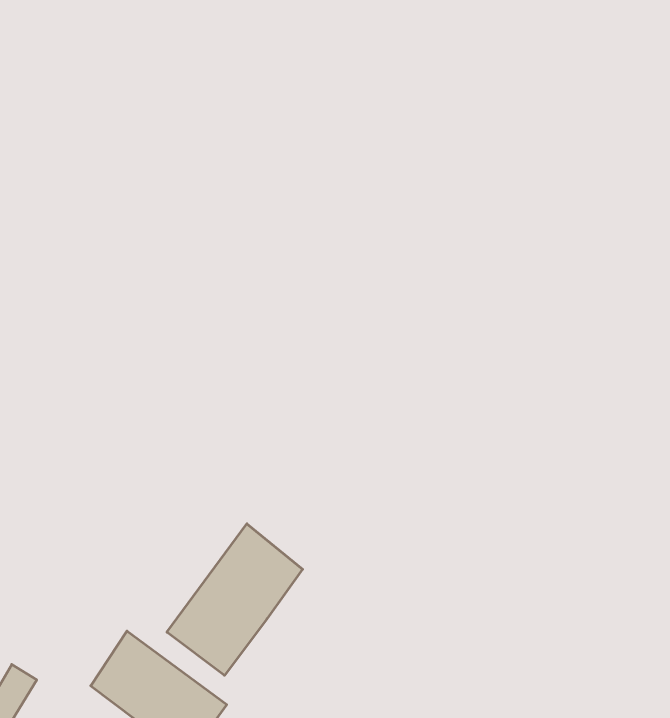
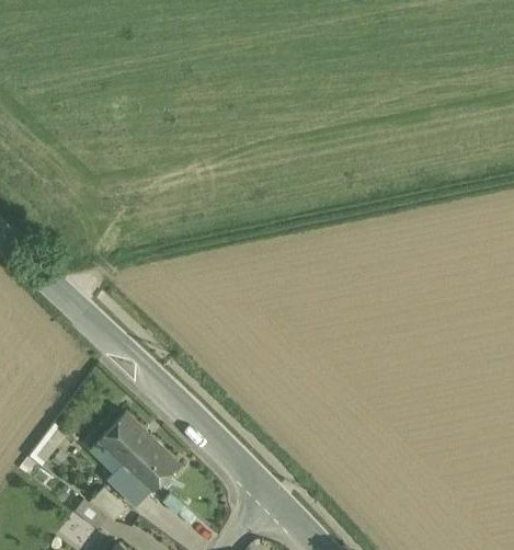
building: [167,524,303,675] -> none

